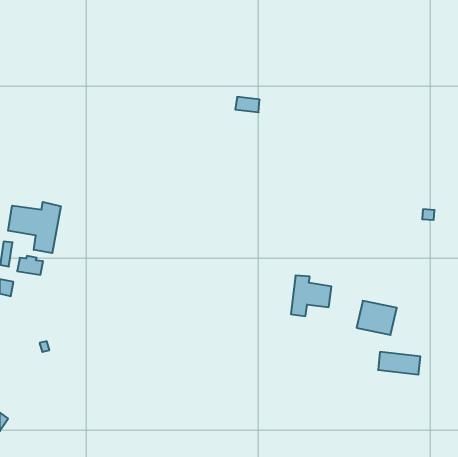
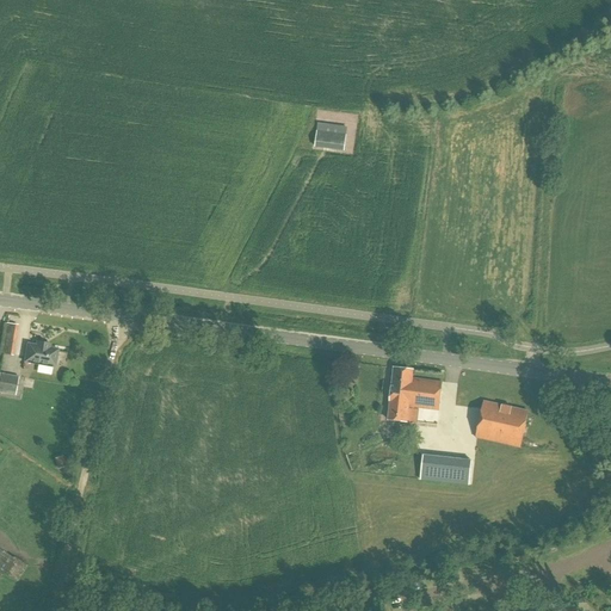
building: [8,202,61,253] -> none
building: [378,352,420,374] -> [416,453,473,483]

